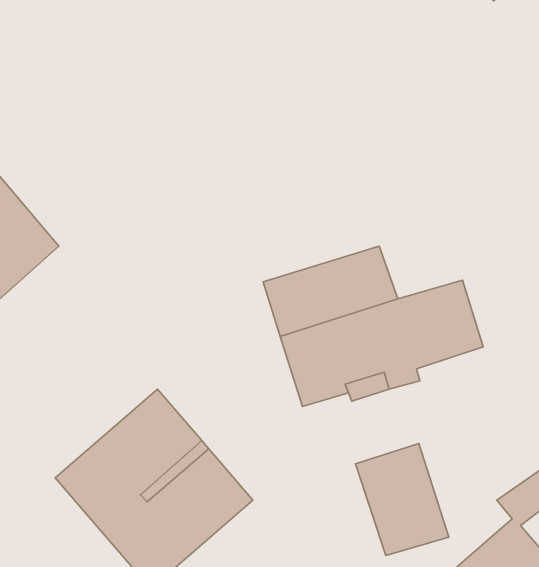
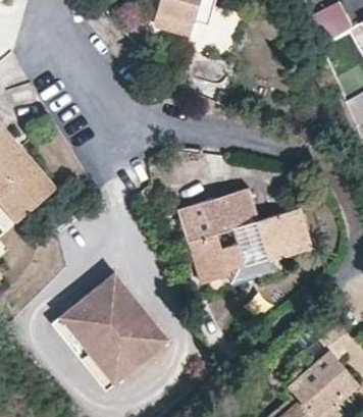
building: [355,444,449,556] -> none

